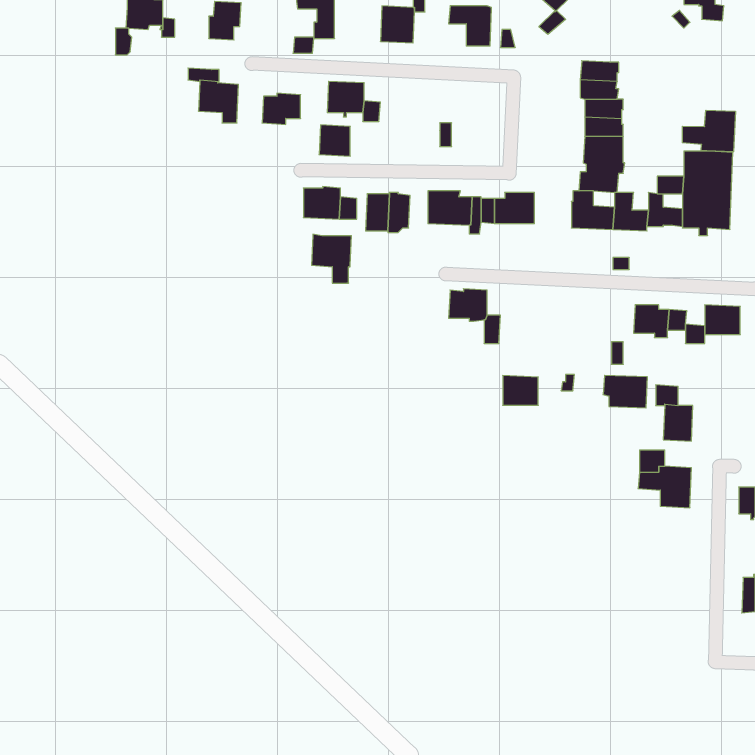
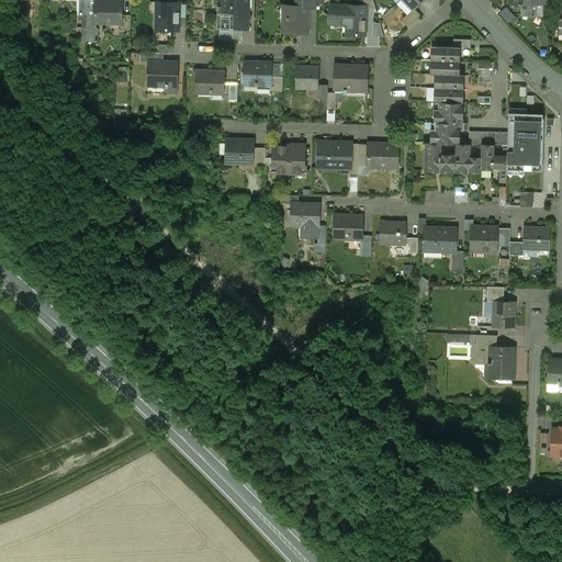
building: none -> [333,64,367,93]
building: [682,110,735,152] -> none
building: [319,125,350,156] -> [294,65,317,88]
building: [312,234,351,283] -> [290,201,319,237]
building: [603,375,647,408] -> [423,226,456,250]
building: [503,376,538,405] -> [379,221,405,243]

